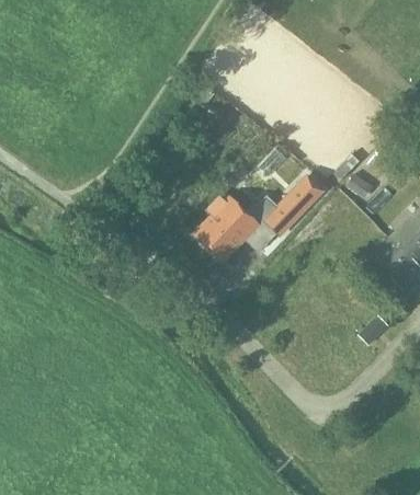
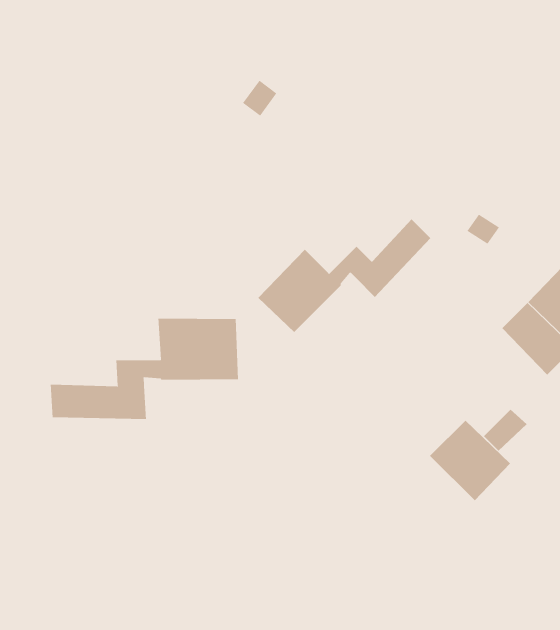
building: none -> [50,318,238,420]
building: none -> [429,420,511,501]

